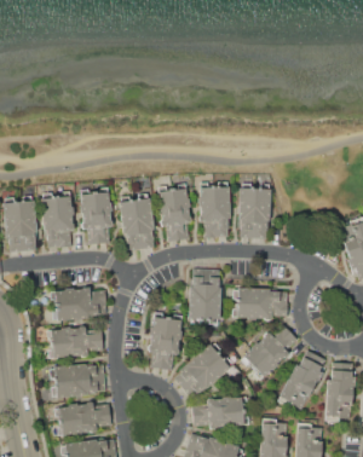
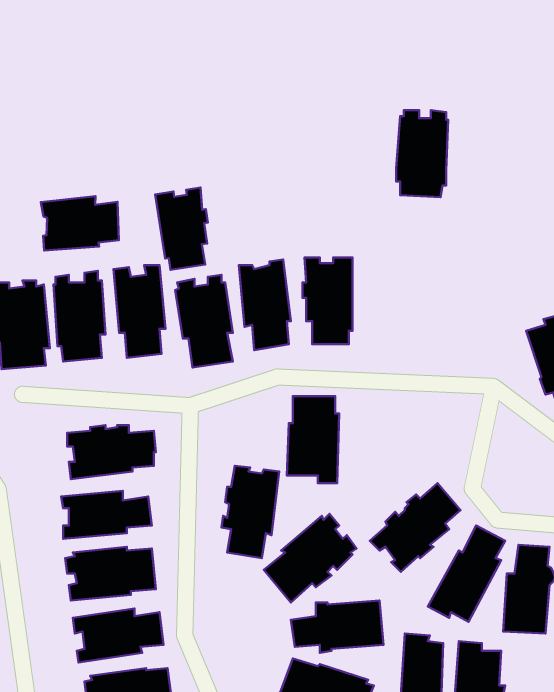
building: none -> [155,187,208,270]
building: none -> [41,196,119,251]
building: [237,184,270,238] -> [396,110,448,197]
building: [231,288,287,320] -> none

